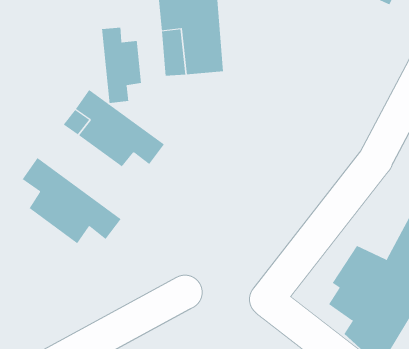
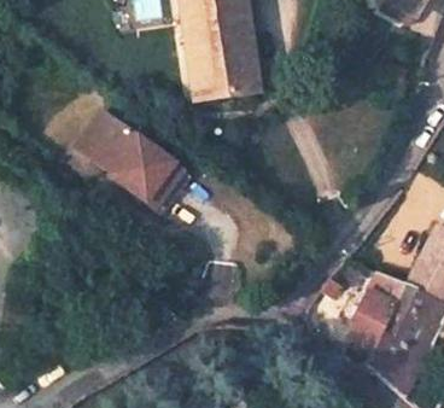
building: [101,27,141,104] -> none
building: [22,157,121,244] -> none

